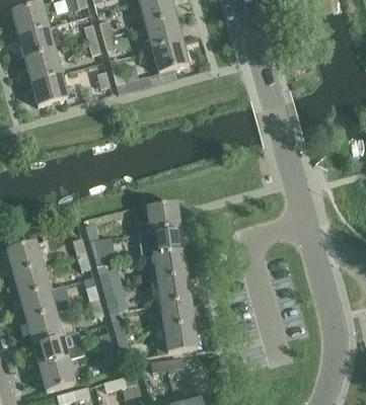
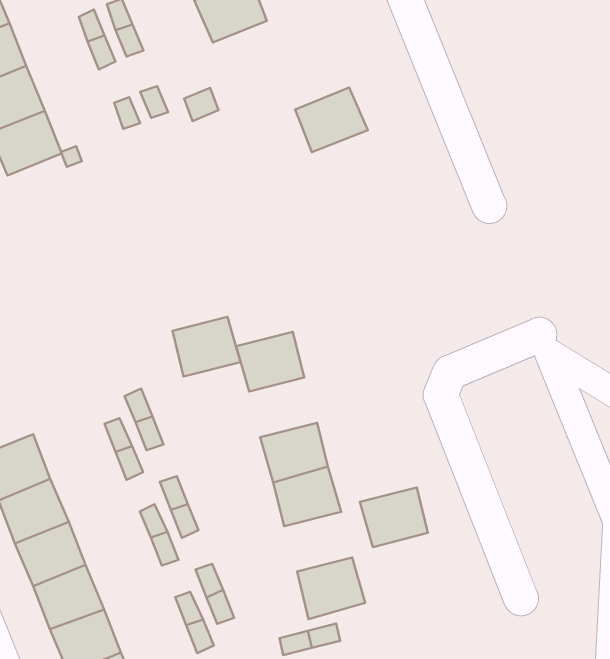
building: [151,38,188,70] -> [295,87,368,152]
building: [149,226,182,254] -> [173,317,241,376]
building: [159,298,193,326] -> [360,487,428,547]

